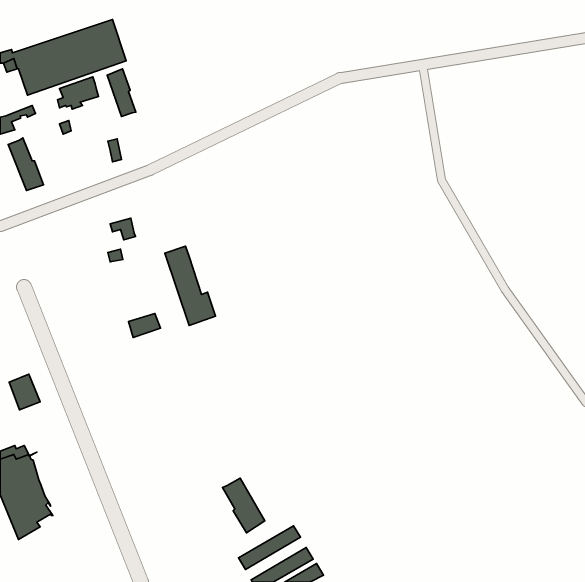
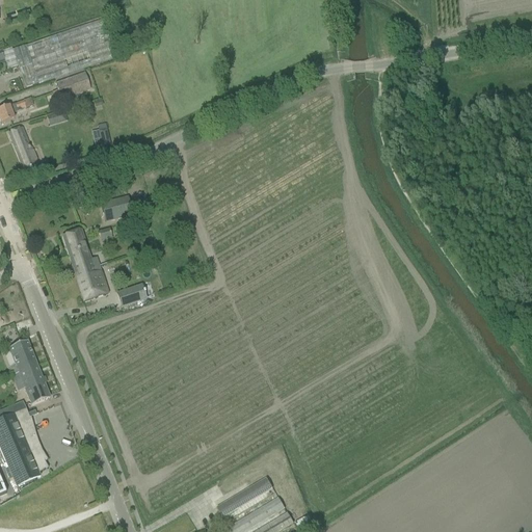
building: [107,69,136,116] -> none
building: [165,246,215,325] -> [62,228,108,299]
building: none -> [12,364,50,403]
building: [222,478,265,533] -> none

